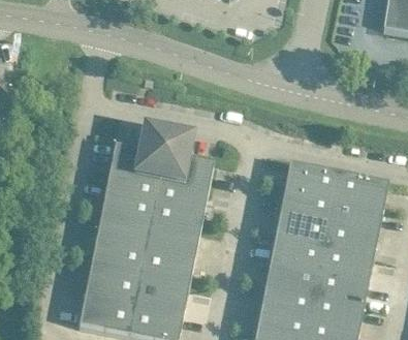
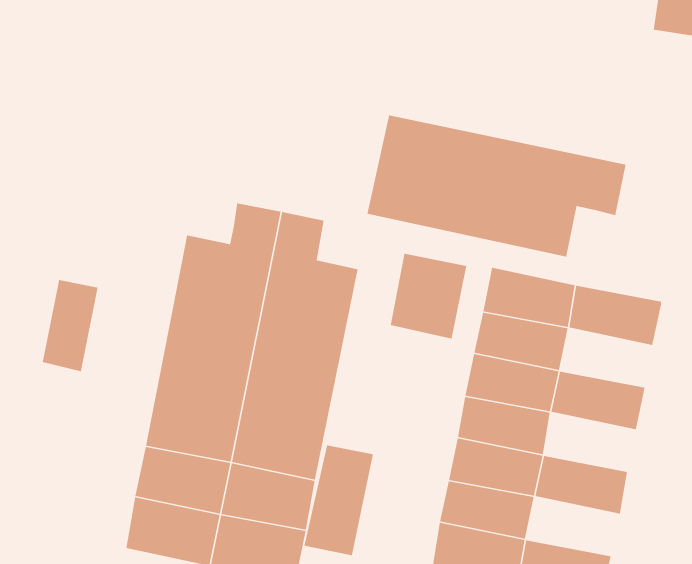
building: none -> [367,114,627,257]
building: none -> [390,253,467,340]
building: none -> [42,279,99,372]
building: [329,197,383,231] -> none
building: [320,246,374,280] -> none
building: none -> [303,444,374,556]
building: [310,295,365,329] -> none

